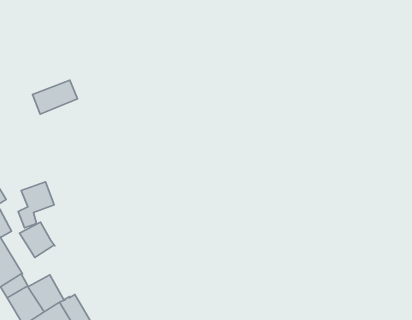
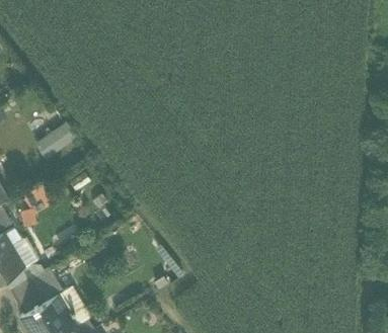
building: [33,80,77,114] -> [35,123,77,155]
building: [20,222,55,258] -> none

